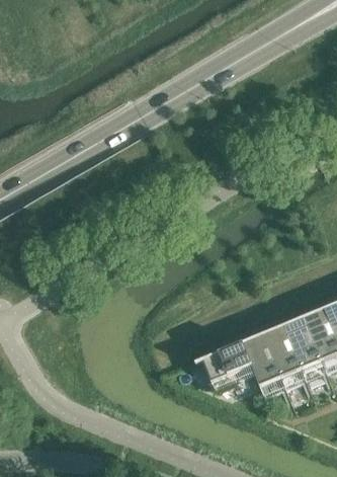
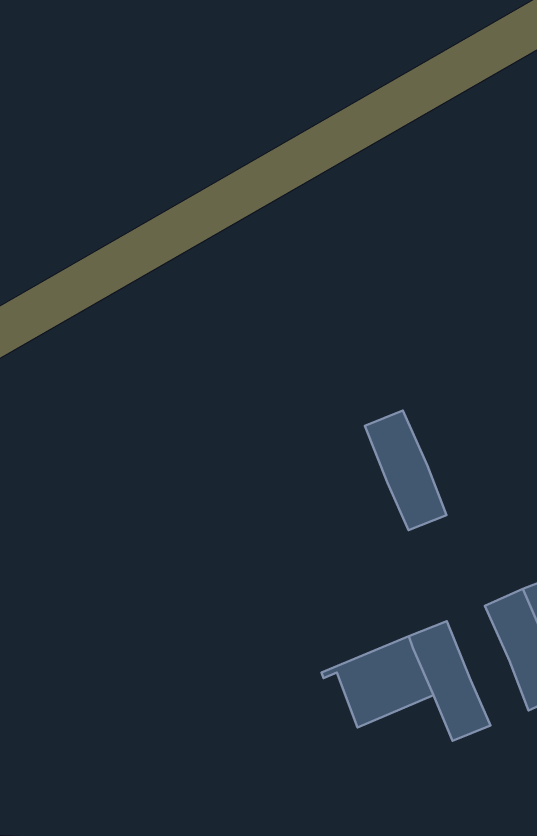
building: [262,324,306,388] -> [365,411,447,530]

